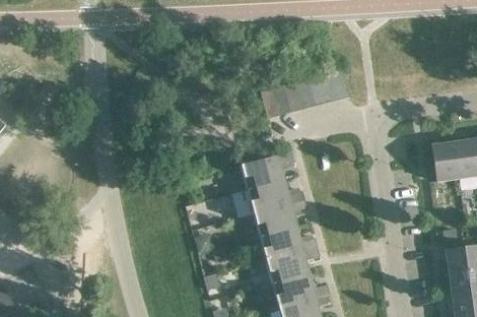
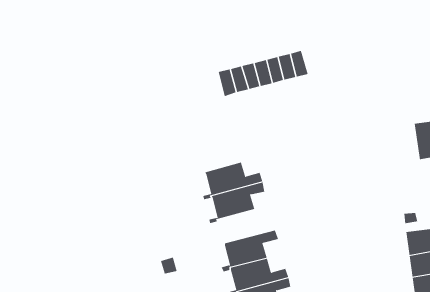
building: [430,143,458,182] -> none
building: [238,152,294,195] -> none
building: [257,228,317,265] -> none

